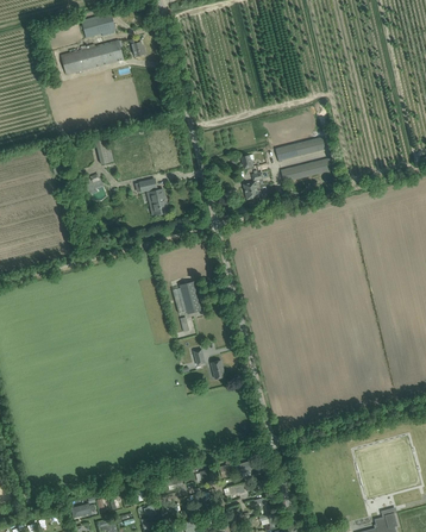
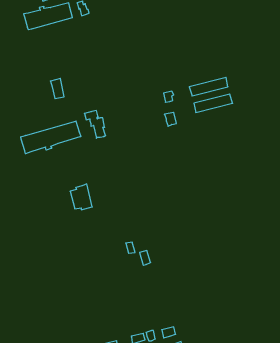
building: none -> [21,121,81,154]
building: [173,281,201,314] -> [70,184,92,210]

